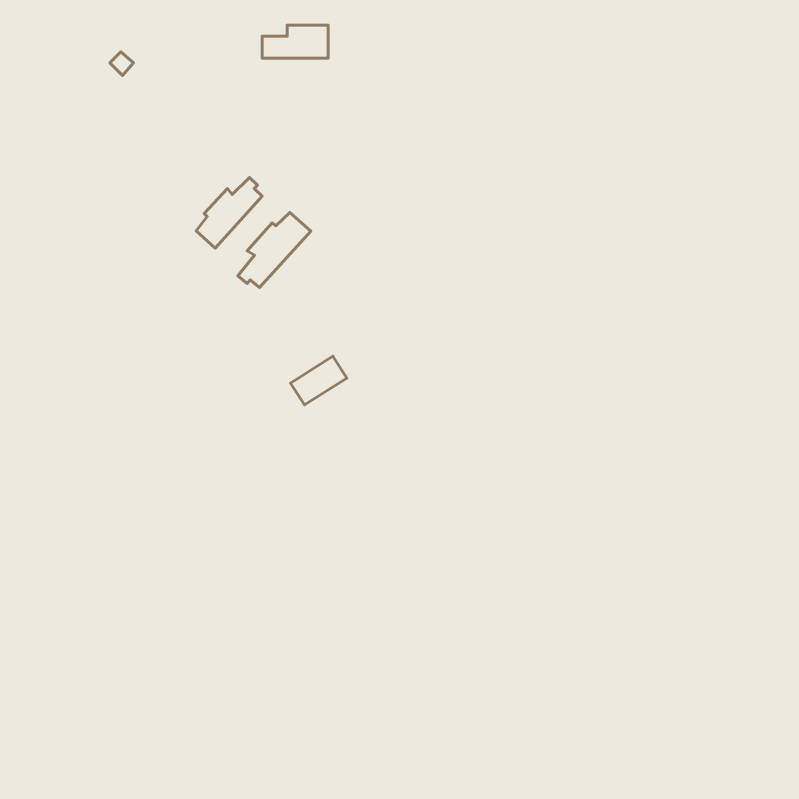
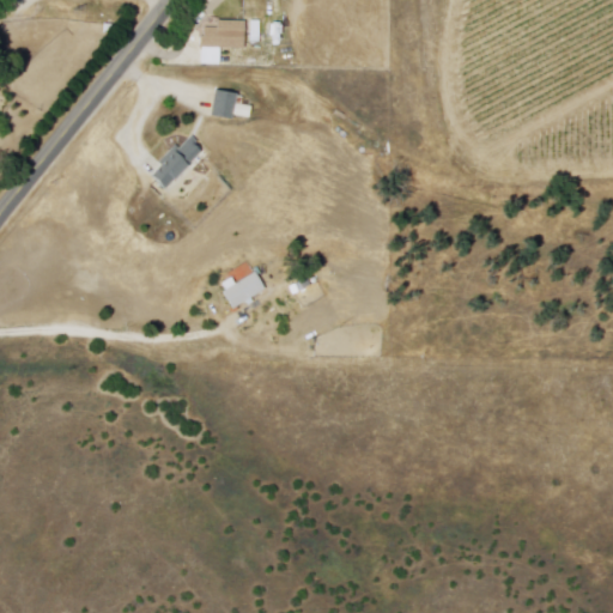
building: none -> [212,90,237,119]
building: [238,212,311,287] -> none

